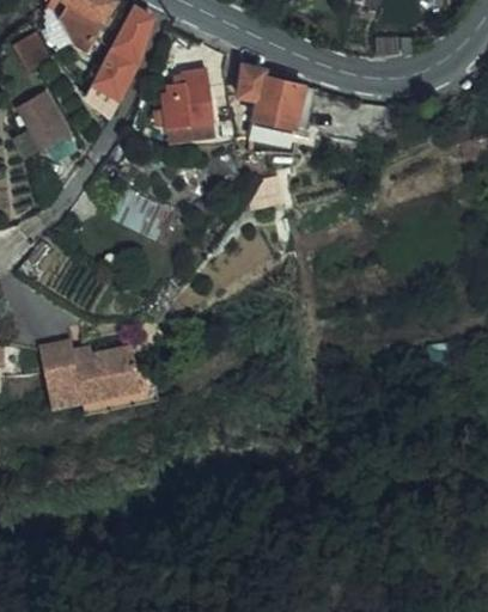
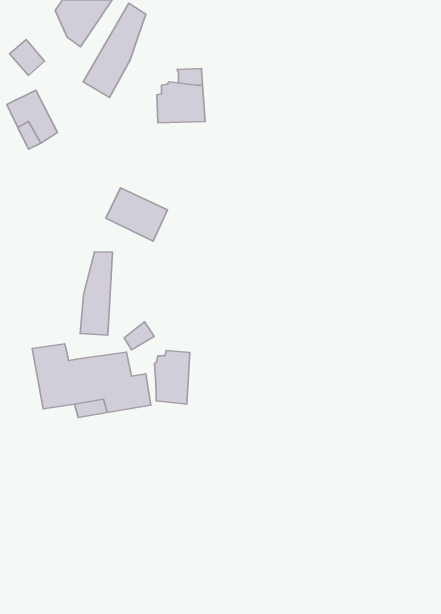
building: [236,68,300,131] -> none
building: none -> [80,252,113,335]
building: none -> [154,351,190,404]

